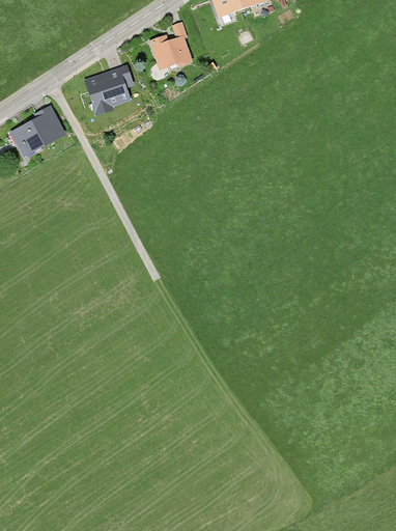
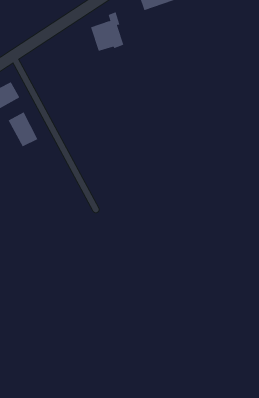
building: [86,65,133,112] -> none
building: none -> [8,112,38,147]

